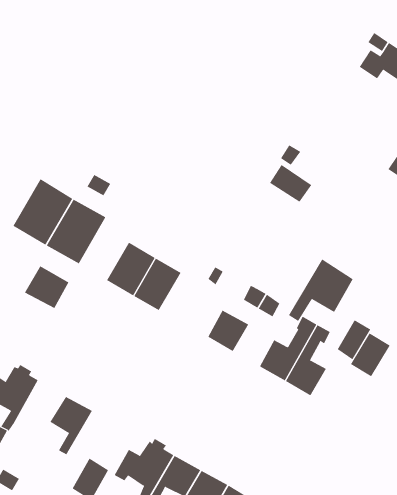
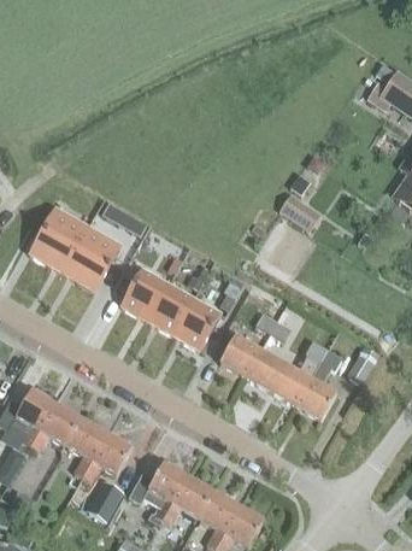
building: [288,259,354,322] -> none
building: [24,265,69,309] -> none
building: none -> [172,298,219,351]
building: none -> [245,348,284,389]
building: [350,332,390,377] -> none
building: none -> [30,403,81,451]
building: none -> [82,433,131,481]

